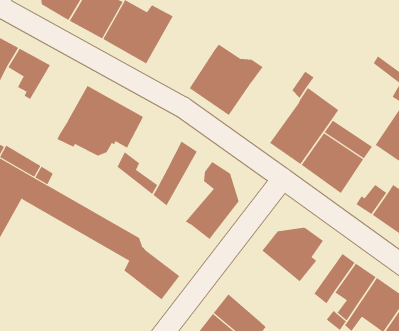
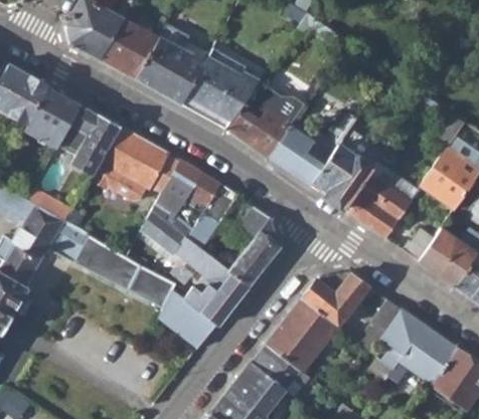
building: none -> [182,48,258,129]
building: none -> [60,104,120,175]
building: none -> [269,126,341,186]
building: none -> [164,159,218,213]
building: none -> [141,211,221,277]
building: none -> [182,272,249,326]
building: none -> [268,298,338,373]

